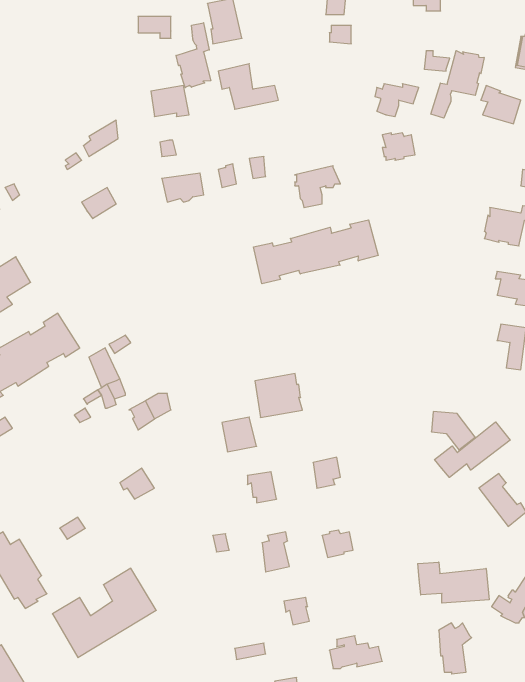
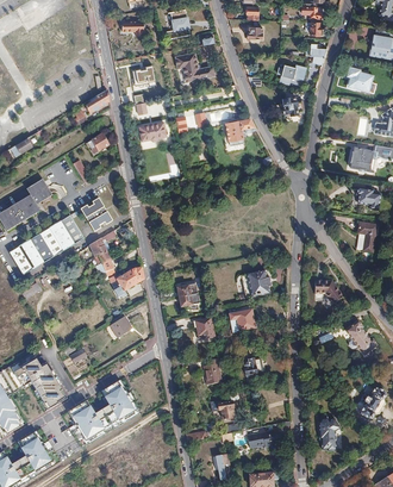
building: [176,23,211,88] -> none
building: [431,51,484,118] -> none
building: [254,220,378,284] -> none
building: none -> [81,196,113,230]
building: [255,374,302,417] -> [243,268,274,296]
building: [435,422,510,477] -> none
building: [418,562,489,603] -> none

